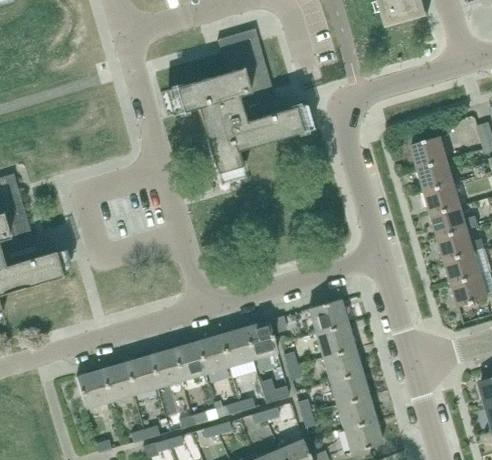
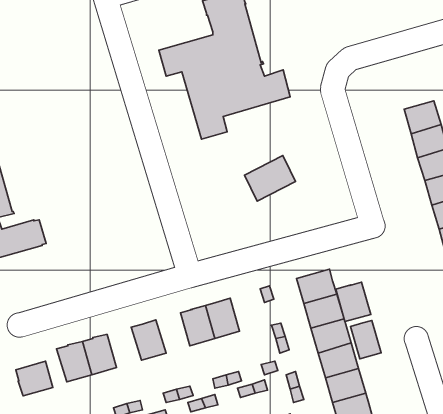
building: none -> [244,156,296,201]
building: none -> [336,282,371,322]
building: [244,320,277,359] -> none
building: [172,341,205,380] -> none
building: none -> [350,320,381,359]
building: [125,355,158,394] -> none
building: none -> [16,361,53,396]

